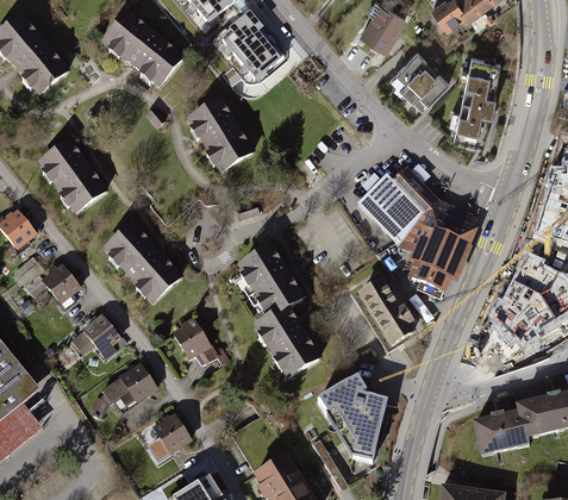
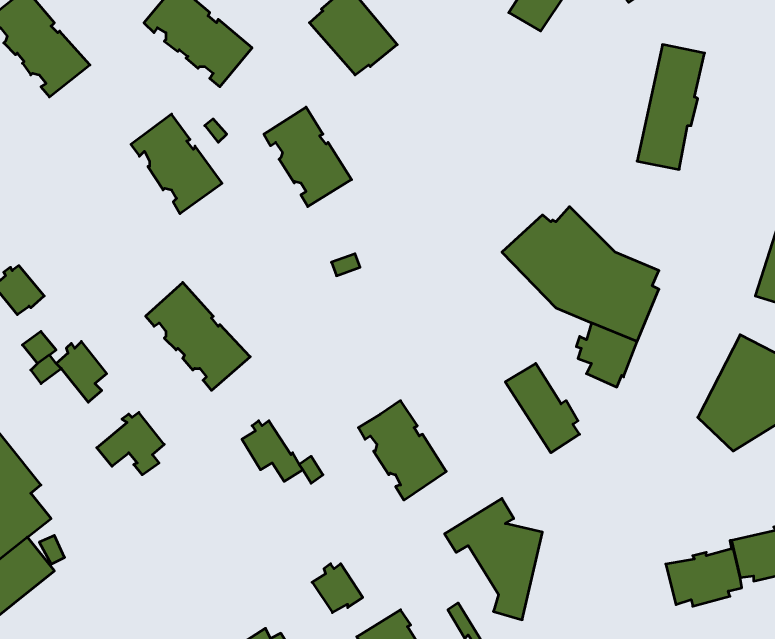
building: [389,49,448,108] -> none
building: [40,140,105,211] -> [131,114,222,214]
building: [239,246,301,315] -> none
building: [102,363,156,411] -> none
building: [154,414,189,449] -> [312,564,363,613]

